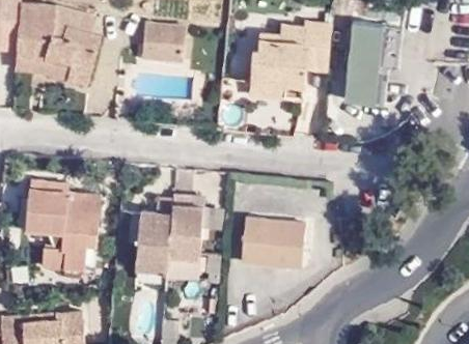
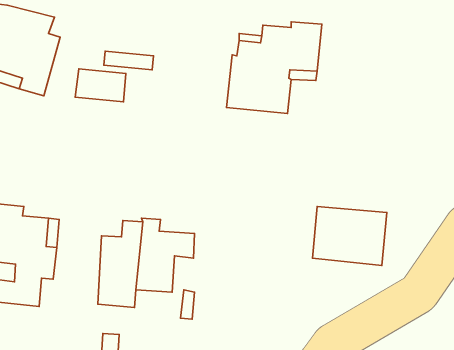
building: [342,21,404,106] -> none
building: [141,22,186,51] -> [75,69,126,102]
building: [240,218,305,269] -> [312,207,387,265]

